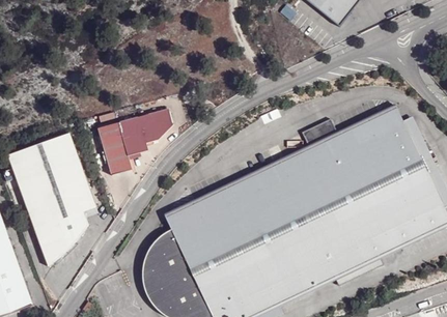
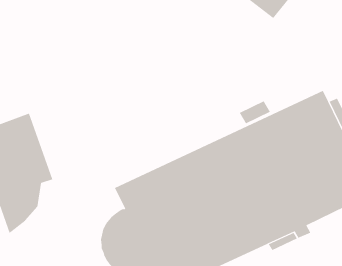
building: [99,108,173,175] -> none

